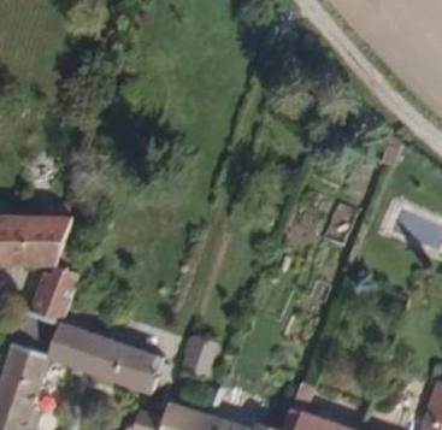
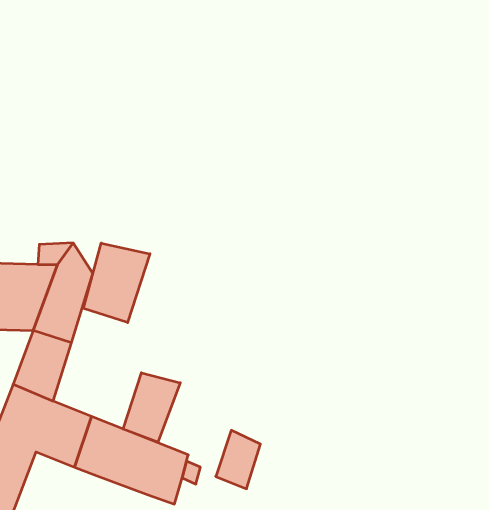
building: none -> [84,243,150,323]
building: none -> [123,373,180,442]

